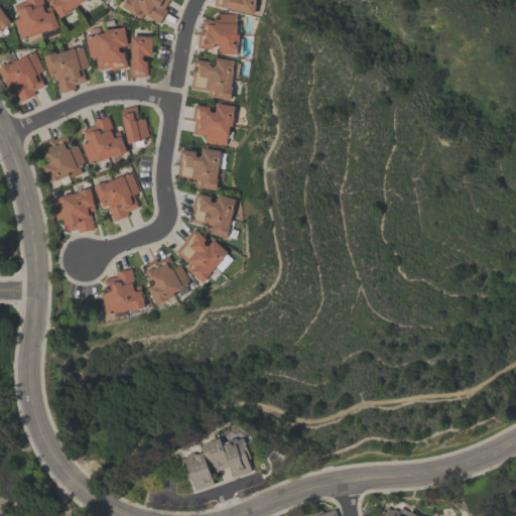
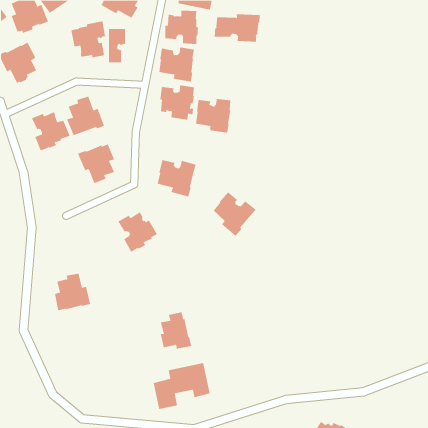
building: none -> [214,14,260,43]
building: [43,46,89,94] -> none
building: [121,106,149,147] -> none
building: [177,148,221,189] -> [195,99,231,133]
building: [52,188,96,232] -> none
building: [176,229,229,283] -> [213,191,256,237]
building: [102,269,146,314] -> [54,273,91,311]
building: none -> [160,312,192,350]

